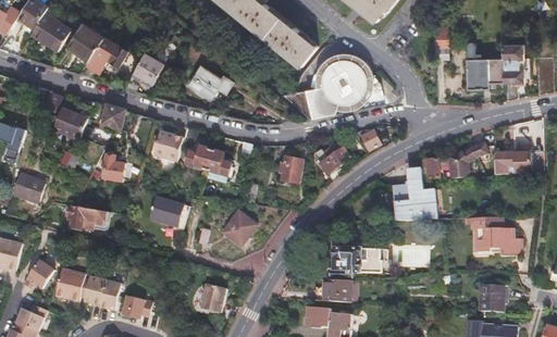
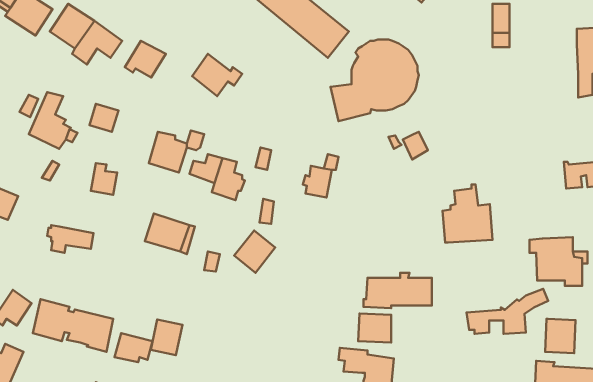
building: [465,40,505,88] -> none
building: [312,143,350,176] -> none
building: [420,143,487,180] -> [467,289,548,334]
building: [200,283,226,312] -> [151,320,182,355]

